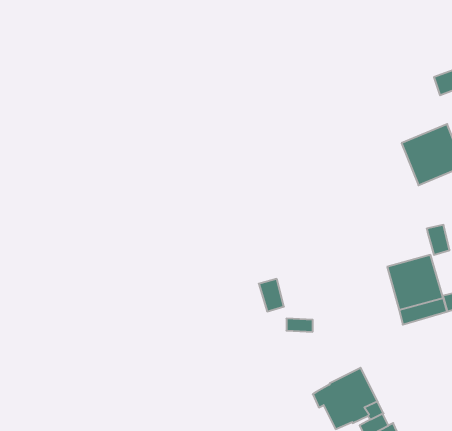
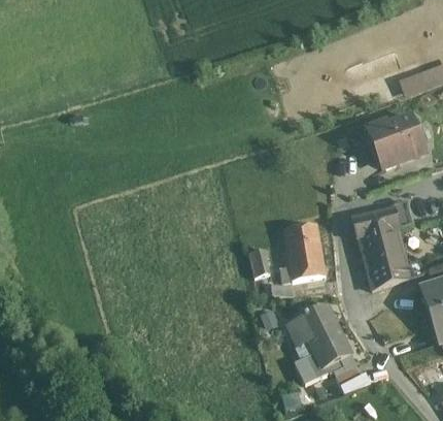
building: none -> [352,209,399,239]
building: none -> [284,224,325,281]
building: none -> [287,305,336,346]

